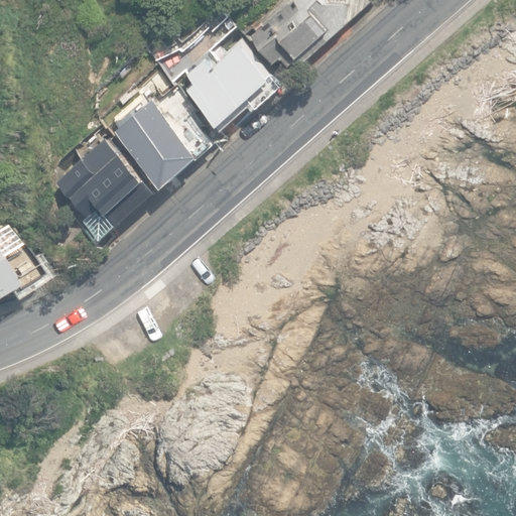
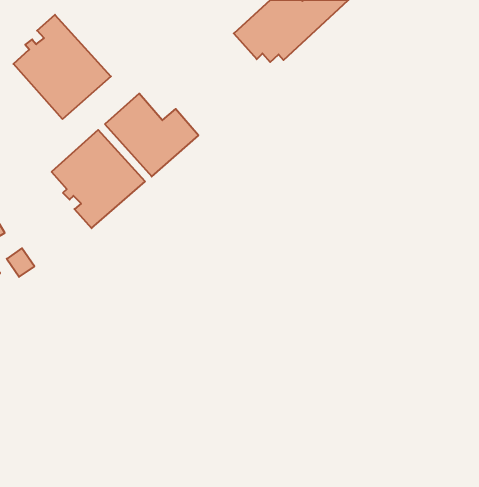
building: none -> [13,15,111,119]
building: [183,43,272,127] -> none

